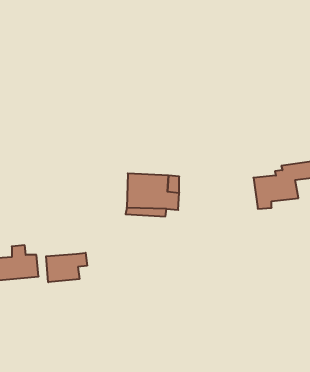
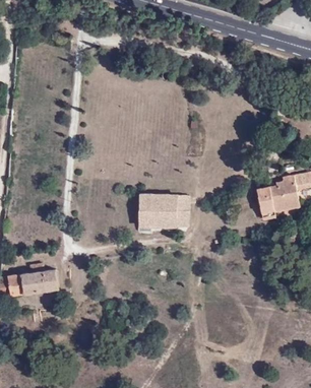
building: [46,253,87,282] -> none

